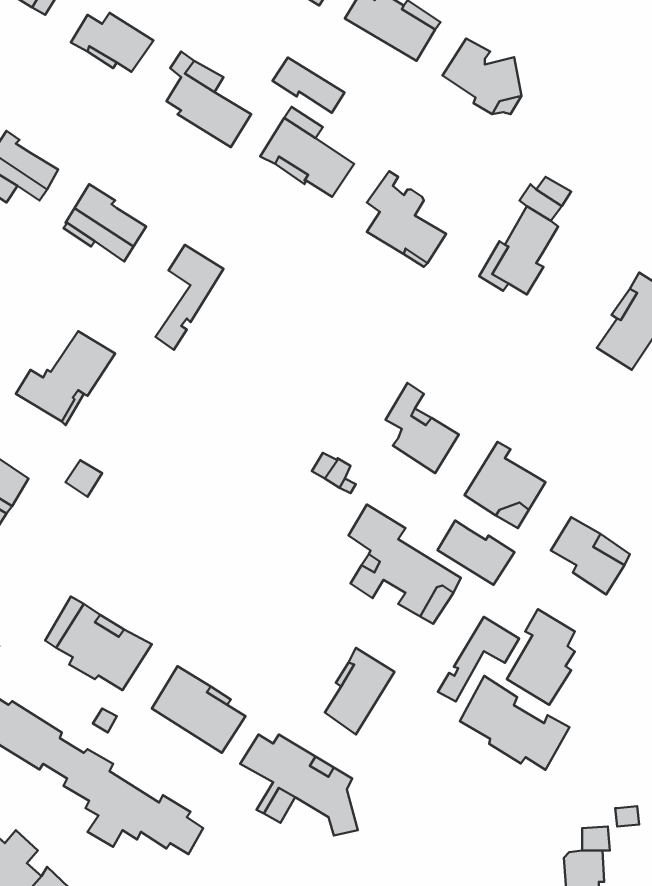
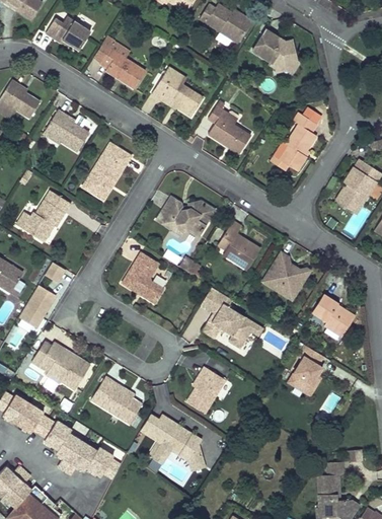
building: [272,57,345,113] -> none
building: none -> [82,157,112,194]
building: none -> [155,198,214,235]
building: none -> [121,253,162,304]
building: none -> [17,284,55,326]
building: [438,521,514,585] -> none
building: [438,617,519,702] -> none
building: [460,676,569,770] -> none

